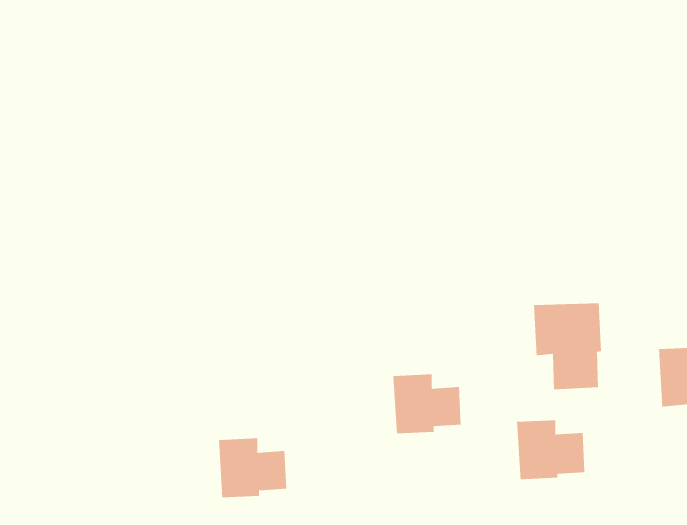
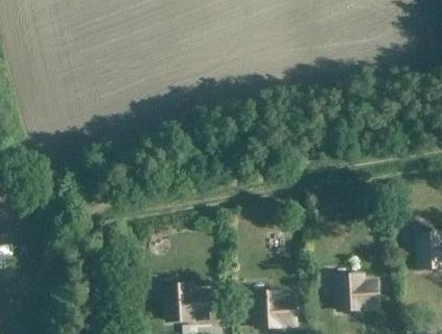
building: [534,302,602,390] -> none
building: [393,374,462,434] -> [255,291,294,326]

